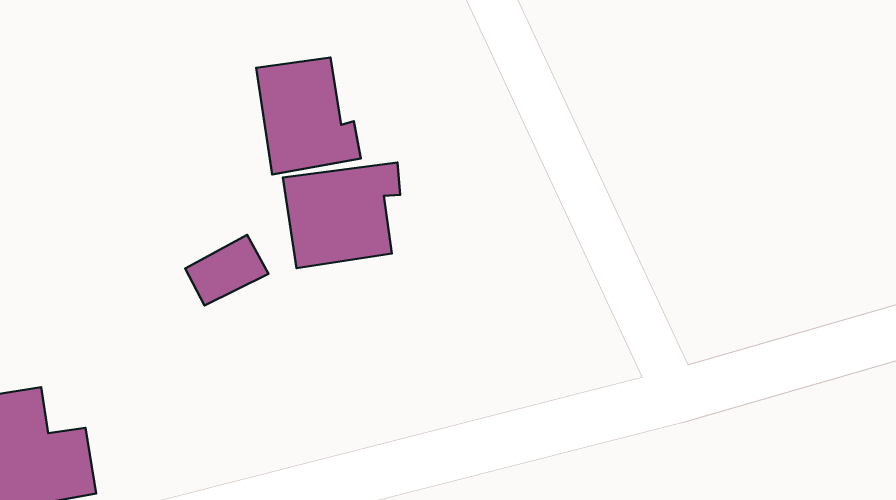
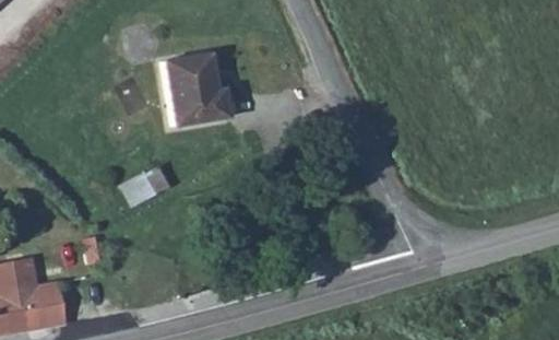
building: [283,163,400,268] -> none

